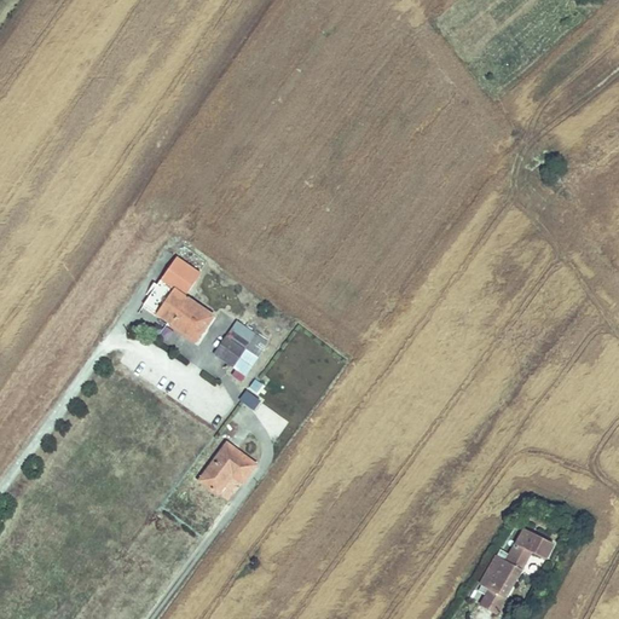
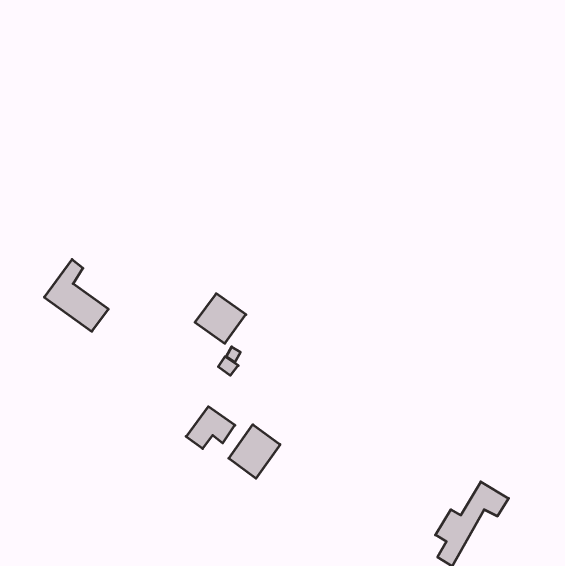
building: [143,262,213,341] -> [44,259,108,331]
building: none -> [229,425,280,478]

